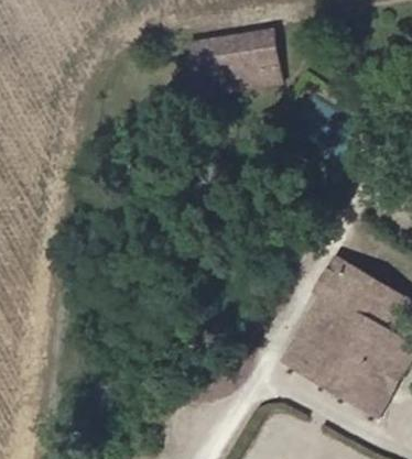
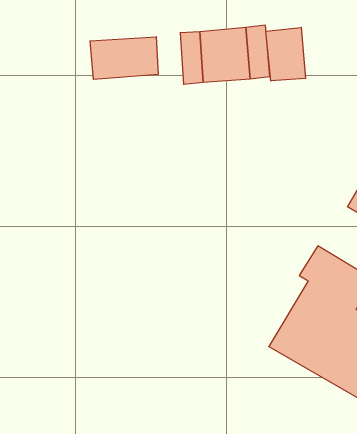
building: none -> [266,27,306,81]
building: none -> [90,37,158,79]

